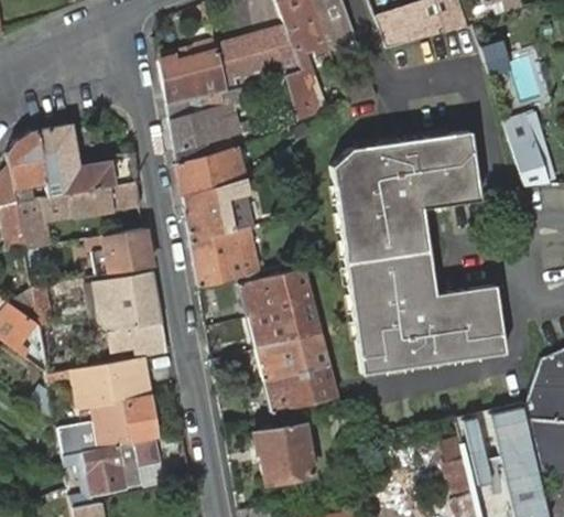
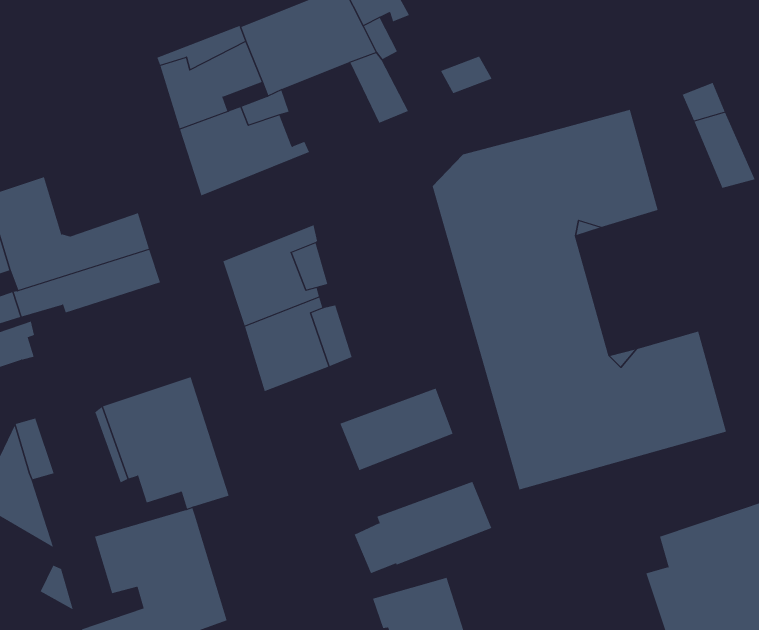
building: [177,146,248,196] -> none
building: [102,227,152,274] -> none
building: [240,267,315,314] -> none
building: [257,331,332,379] -> none

